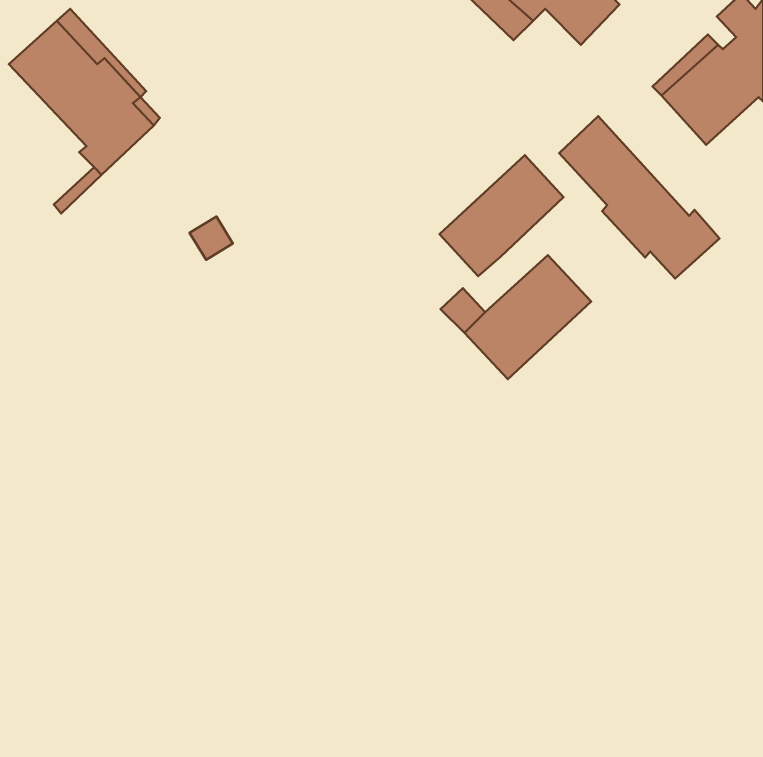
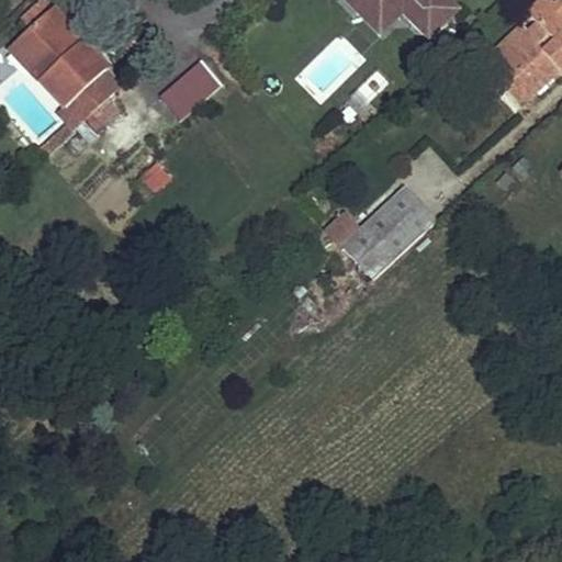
building: none -> [157,57,223,121]
building: [559,116,719,278] -> none
building: [440,155,564,276] -> none

